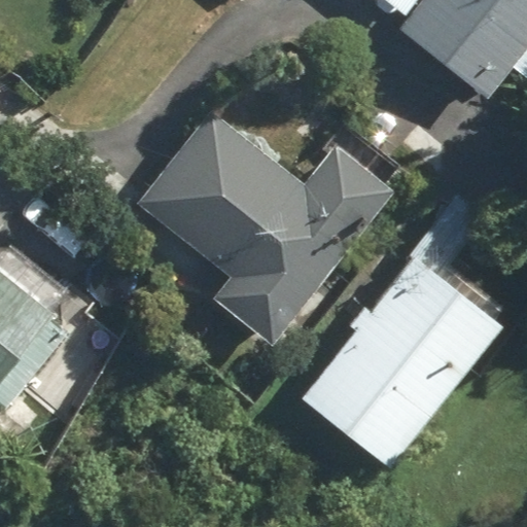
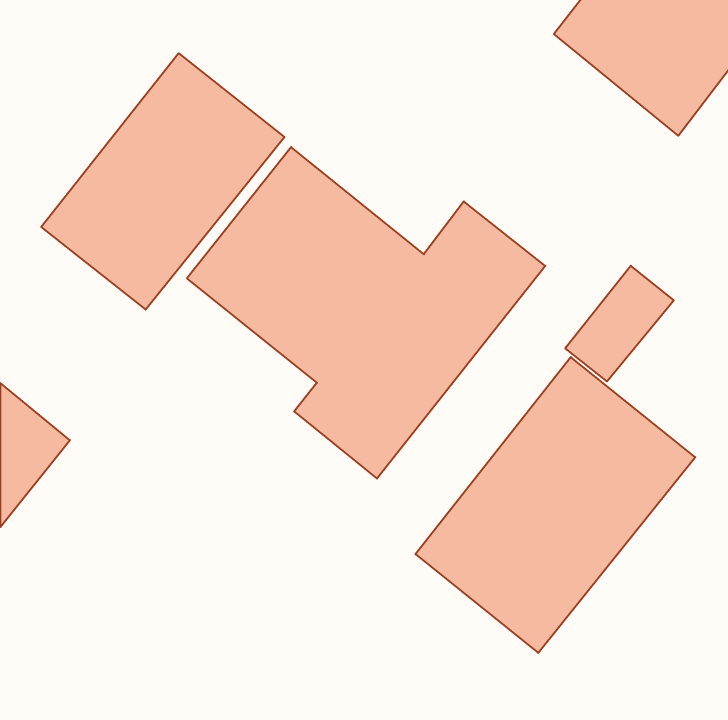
building: none -> [41,53,284,310]

